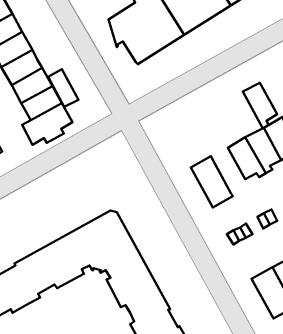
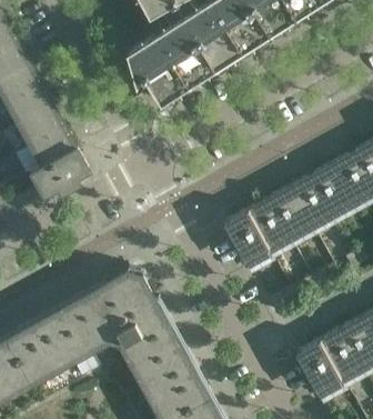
building: [48,69,78,107] -> none
building: [243,83,277,128] -> [250,198,290,251]

